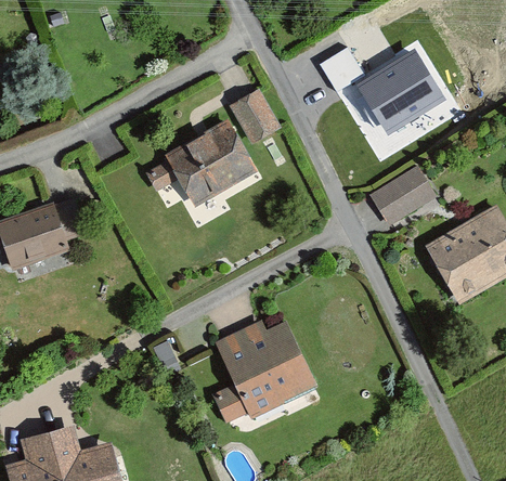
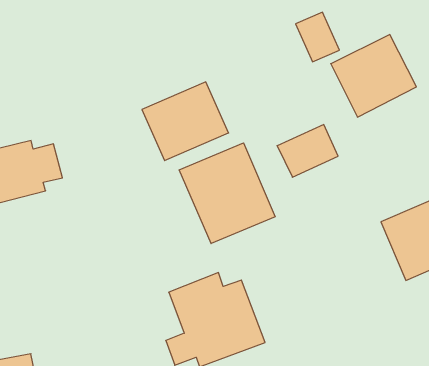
building: [231,89,284,146] -> none
building: [371,167,436,225] -> [277,125,338,177]
building: none -> [179,143,275,244]

